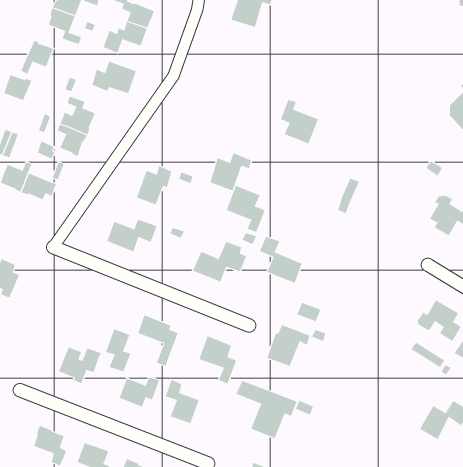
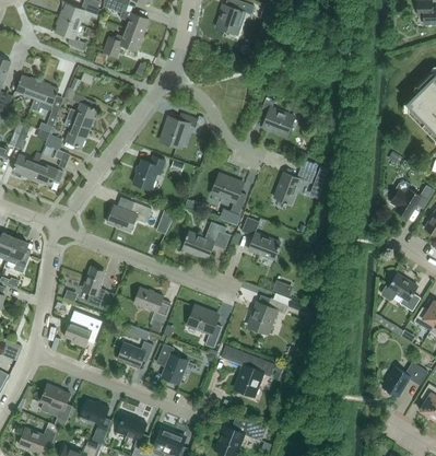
building: [20,40,54,75] -> [28,81,58,112]
building: [92,61,136,94] -> none
building: [210,153,252,191] -> [160,113,197,147]
building: none -> [273,165,315,203]
building: [105,329,131,372] -> [82,268,105,306]

